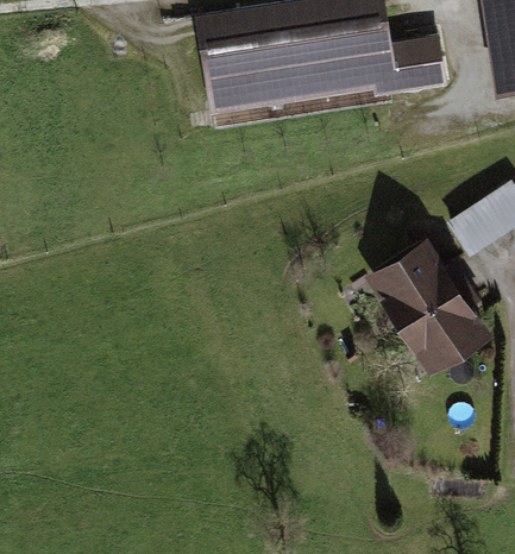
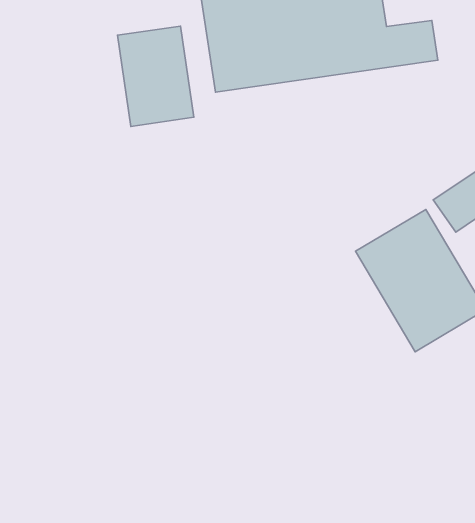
building: none -> [118,26,194,127]

